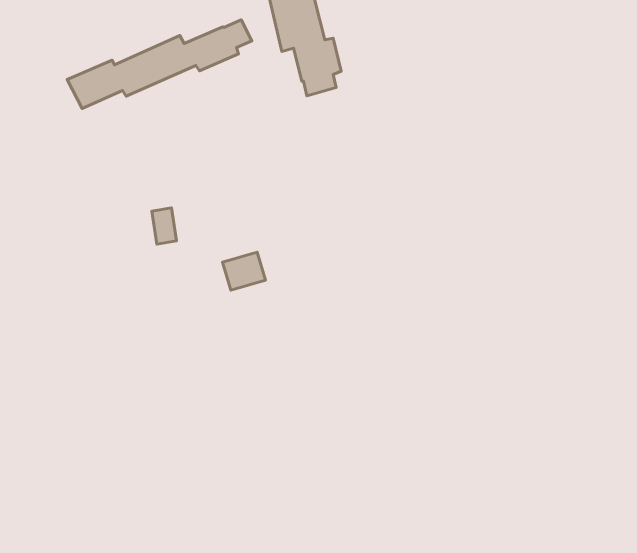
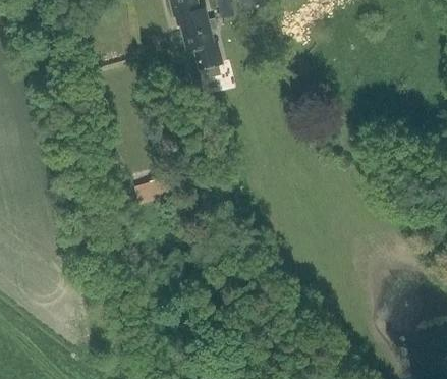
building: [67,20,252,109] -> none

